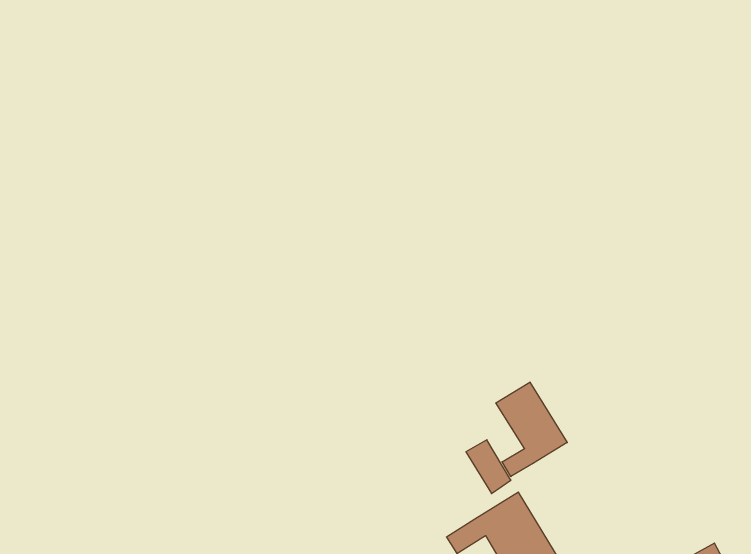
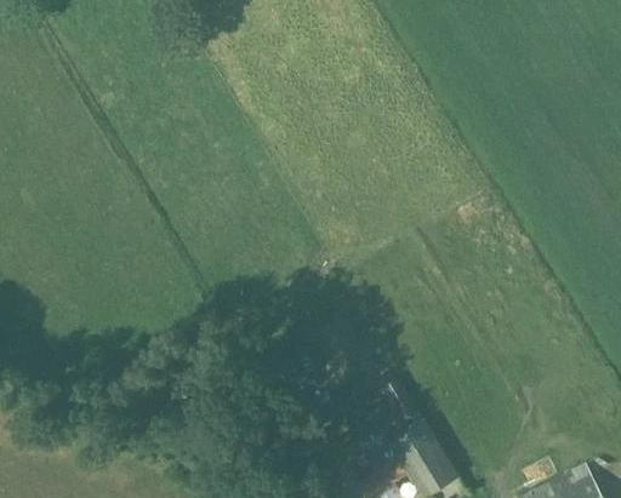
building: [496,382,567,477] -> none

